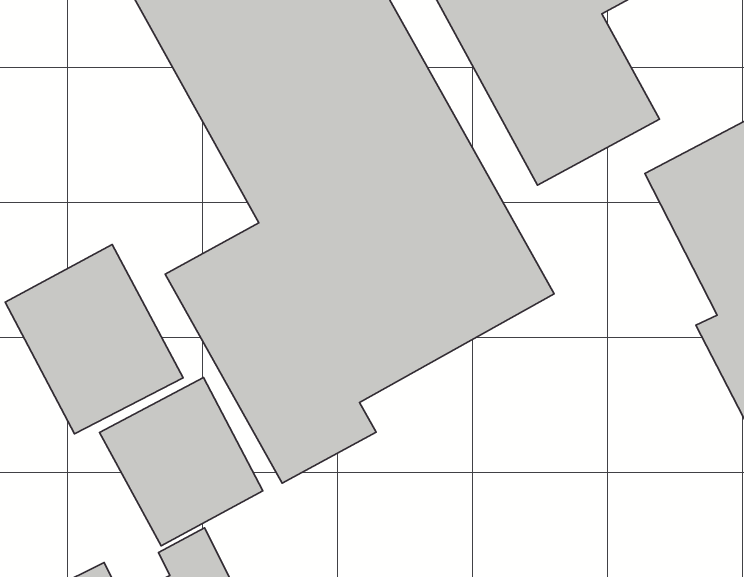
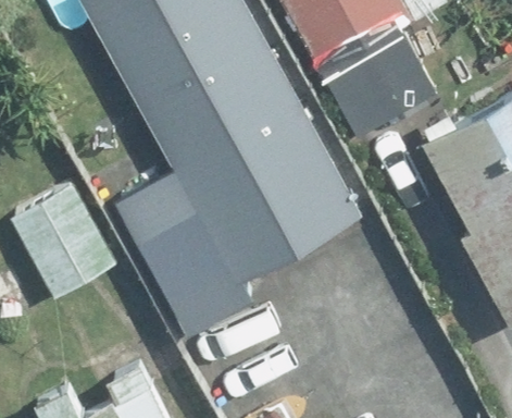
building: [100,377,263,546] -> none

